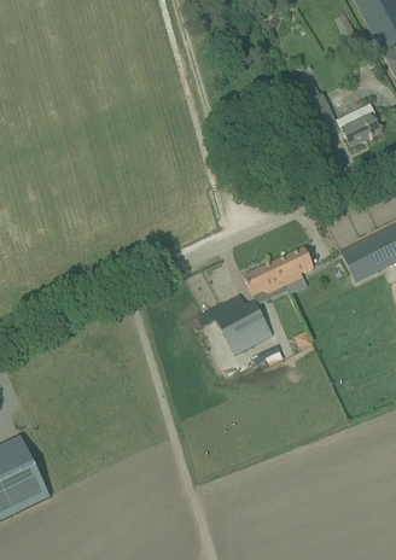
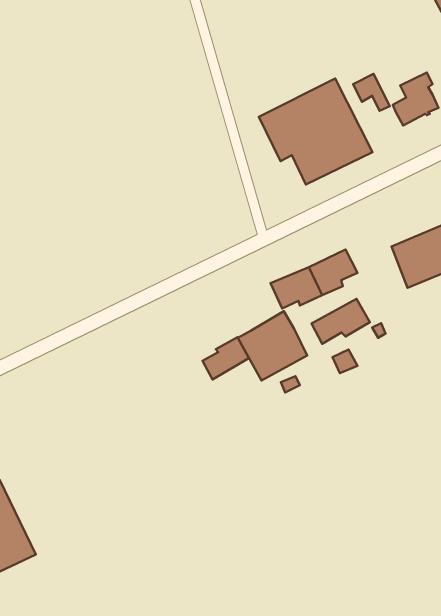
building: none -> [259,79,372,184]
building: none -> [312,299,370,344]
building: none -> [202,337,249,380]

